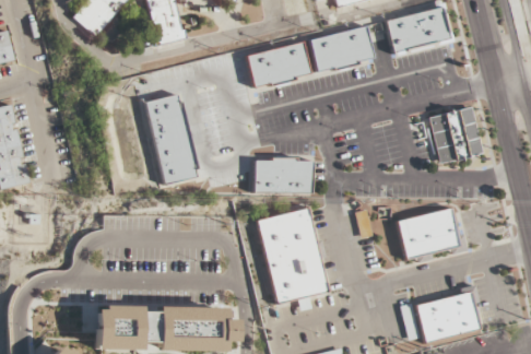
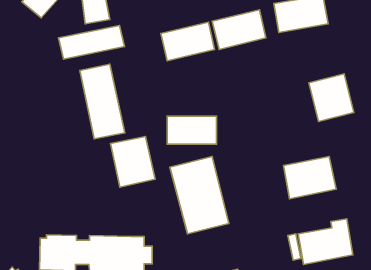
building: none -> [59,25,124,59]
building: none -> [111,136,155,187]

